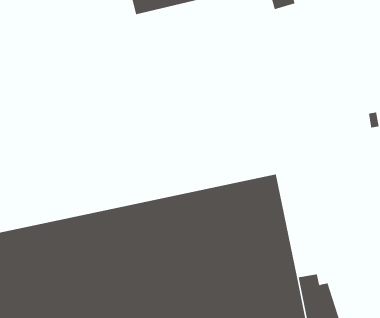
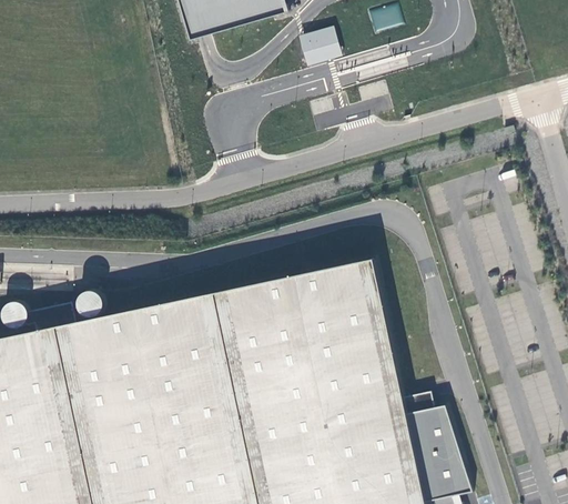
building: none -> [296,27,341,68]

